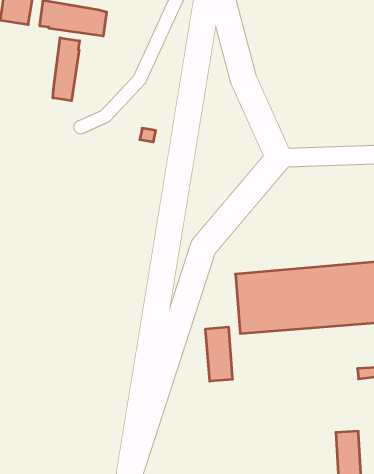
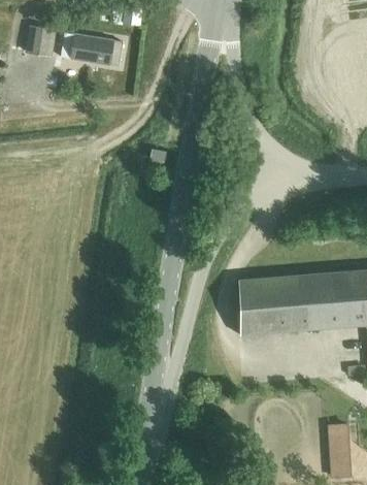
building: [53,38,80,101] -> none
building: [206,327,232,381] -> none

